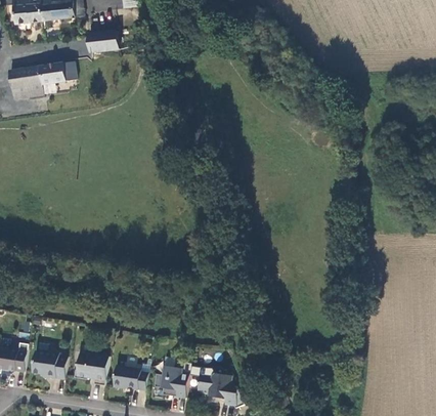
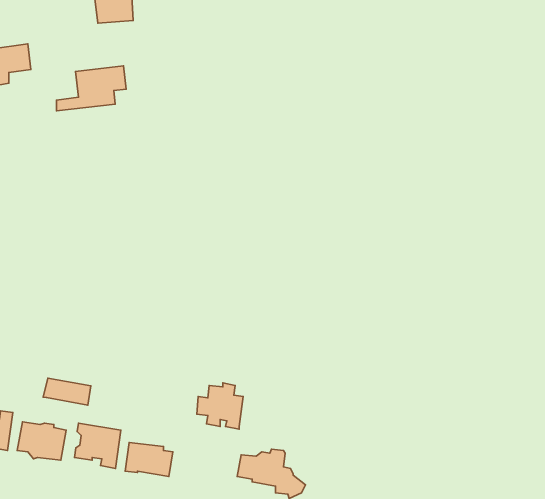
building: [25,63,77,96] -> [56,66,126,111]
building: none -> [43,378,91,405]
building: [154,363,188,398] -> [197,383,243,429]

